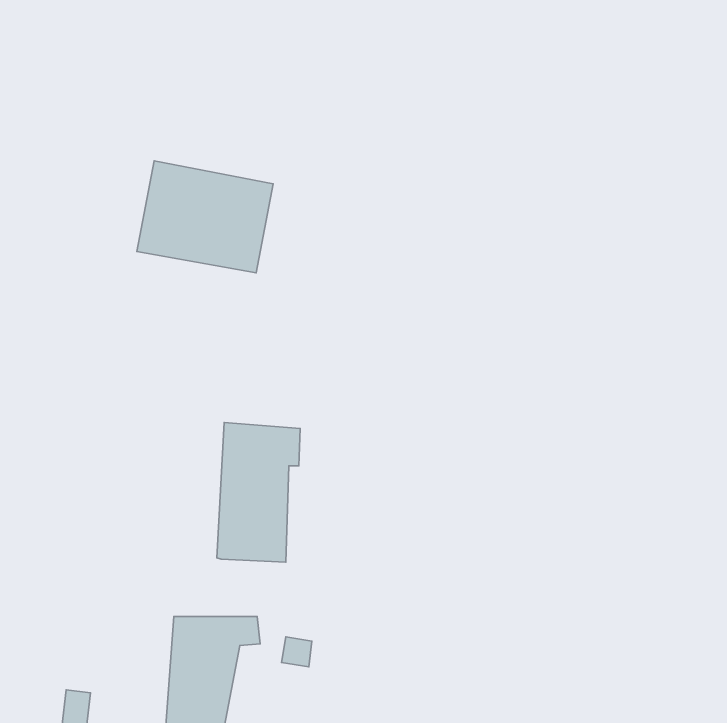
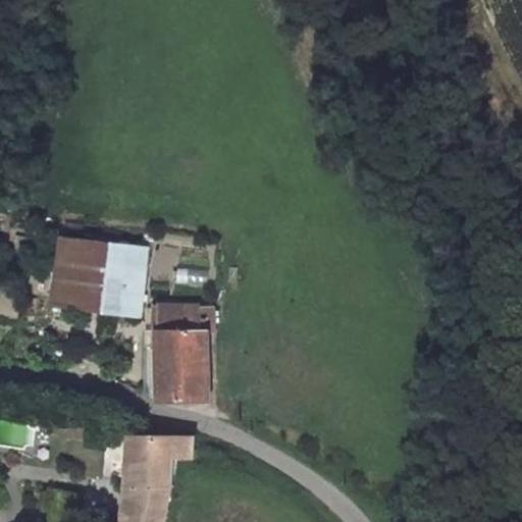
building: [137,161,273,273] -> [54,231,151,311]

